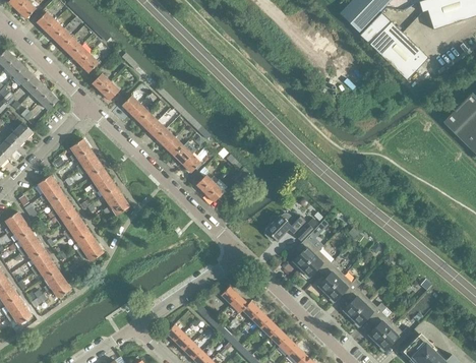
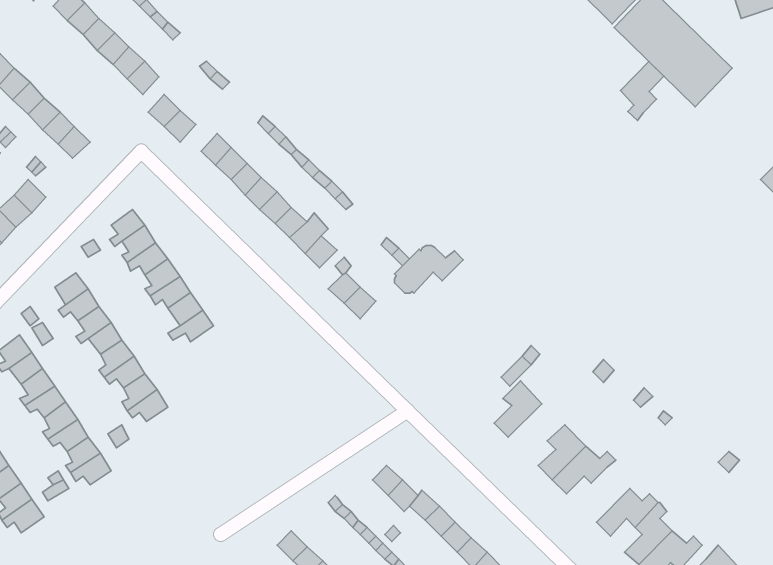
building: none -> [620,61,664,121]
building: [265,213,305,240] -> [394,246,463,293]
building: [299,250,332,278] -> none
building: [342,287,369,318] -> none

